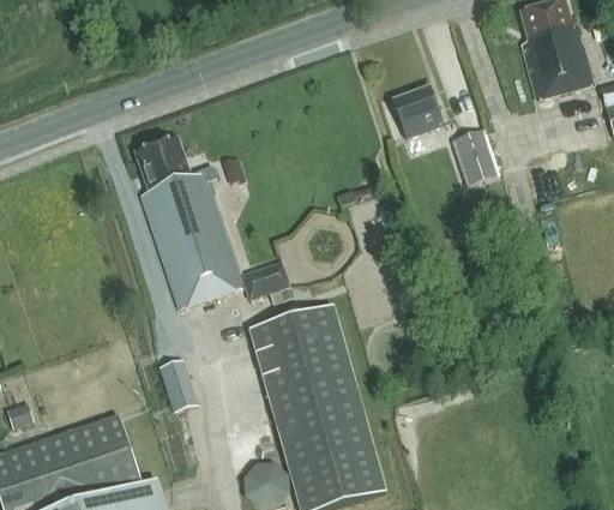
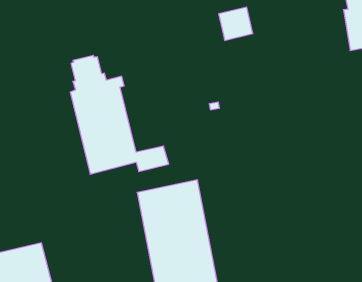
building: [392,86,444,137] -> [219,7,253,40]
building: [451,128,500,186] -> none
building: [159,359,198,412] -> none

